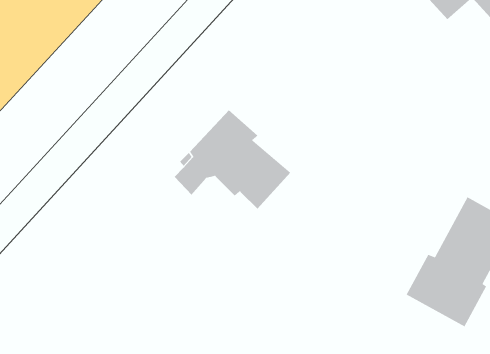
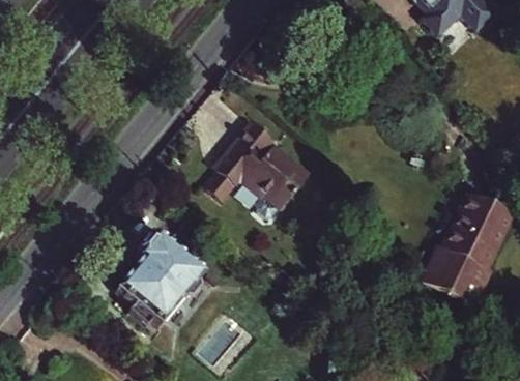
building: none -> [118,235,204,324]

